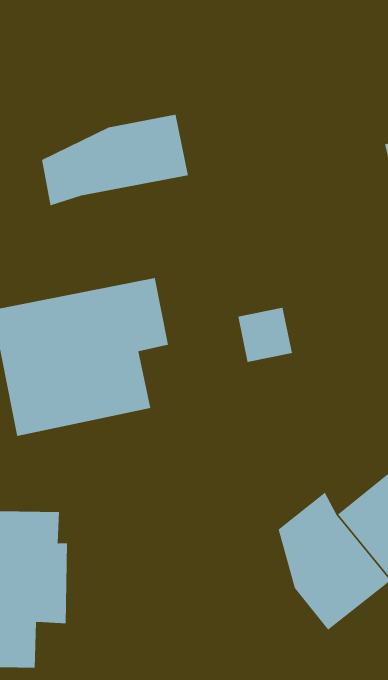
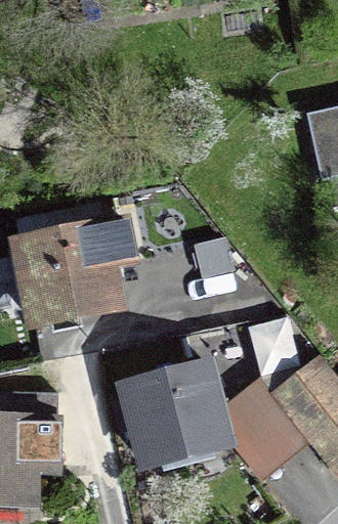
building: [41,114,188,206] -> none
building: none -> [114,358,237,475]

